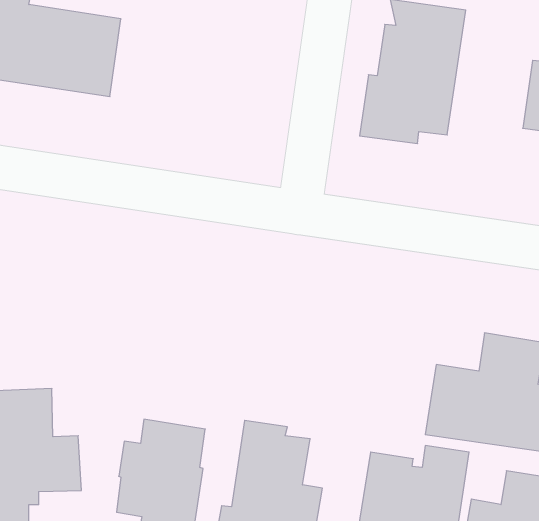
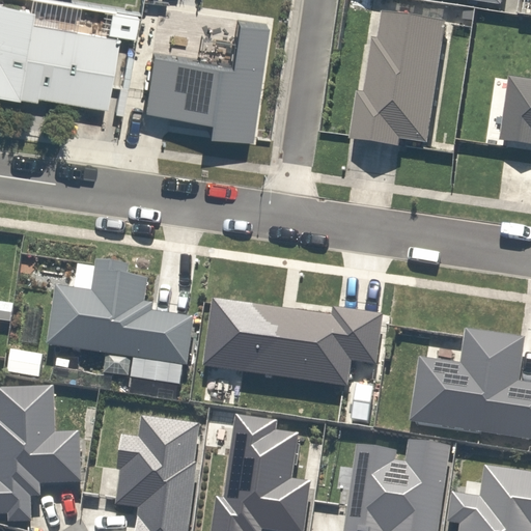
building: none -> [144,24,267,136]
building: none -> [46,269,190,385]
building: none -> [205,301,380,389]

